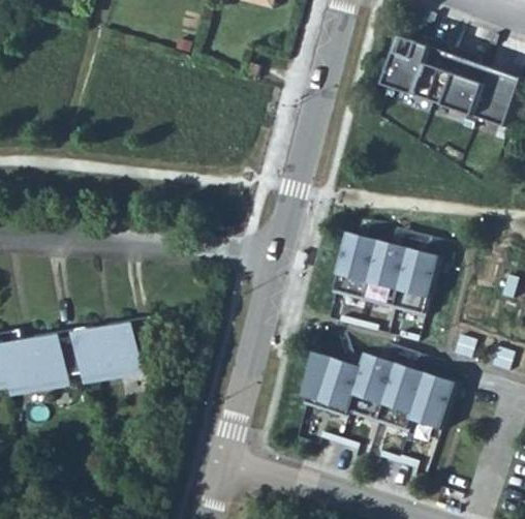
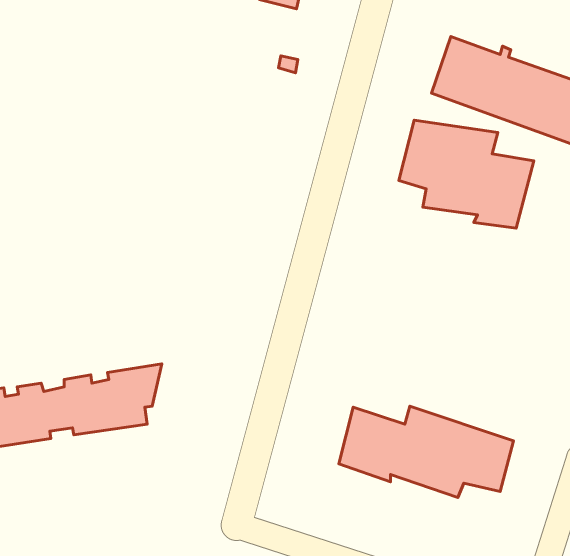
building: none -> [399,120,534,228]
building: [330,232,436,314] -> none

